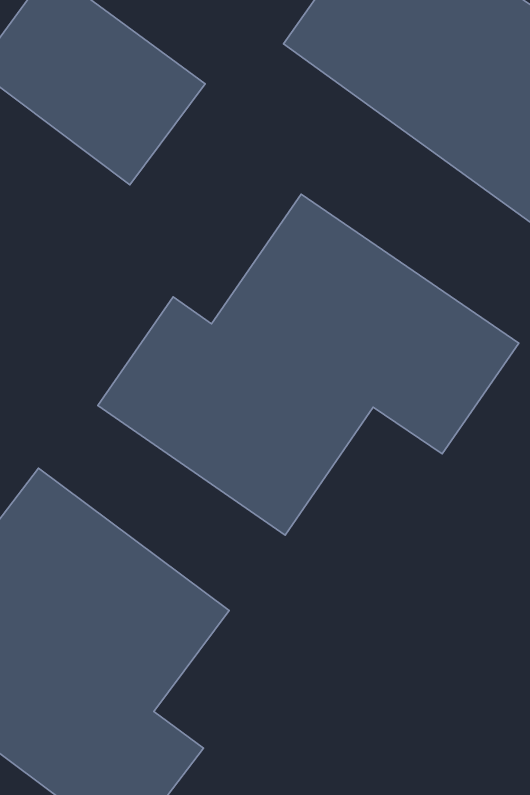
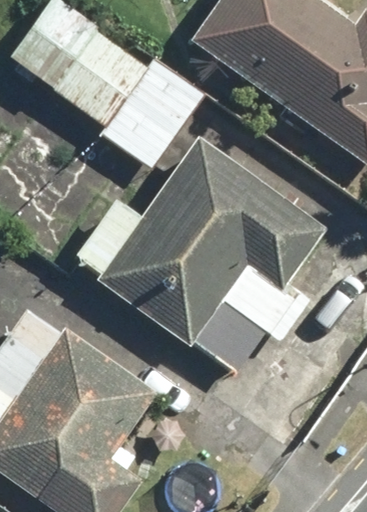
building: none -> [91,59,200,174]

